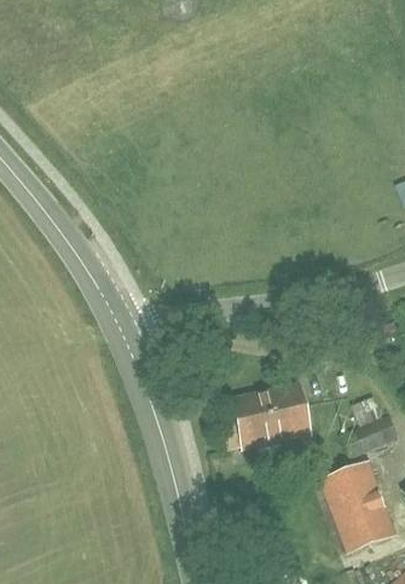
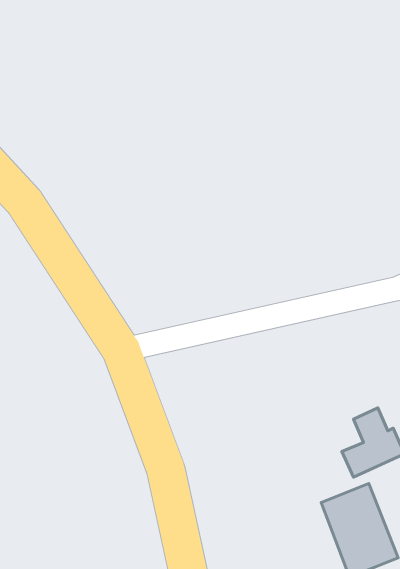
building: [231,382,311,446] -> none

